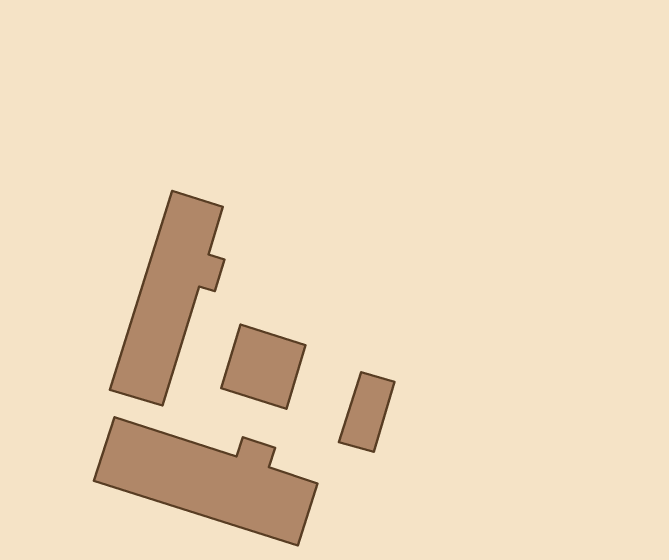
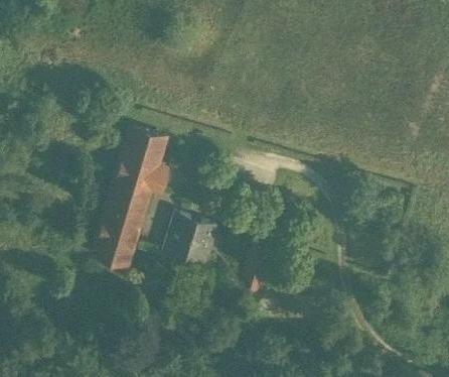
building: [94,417,317,545] -> none

